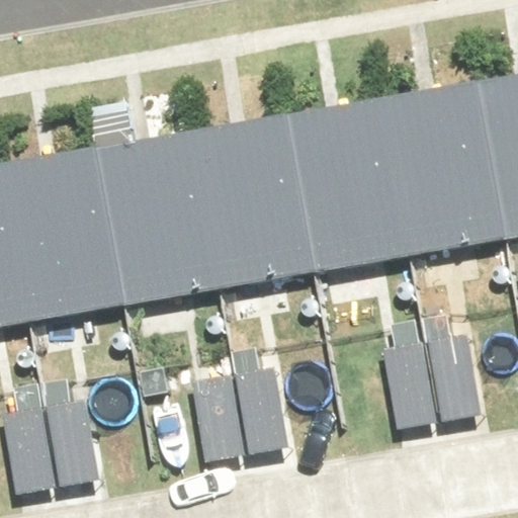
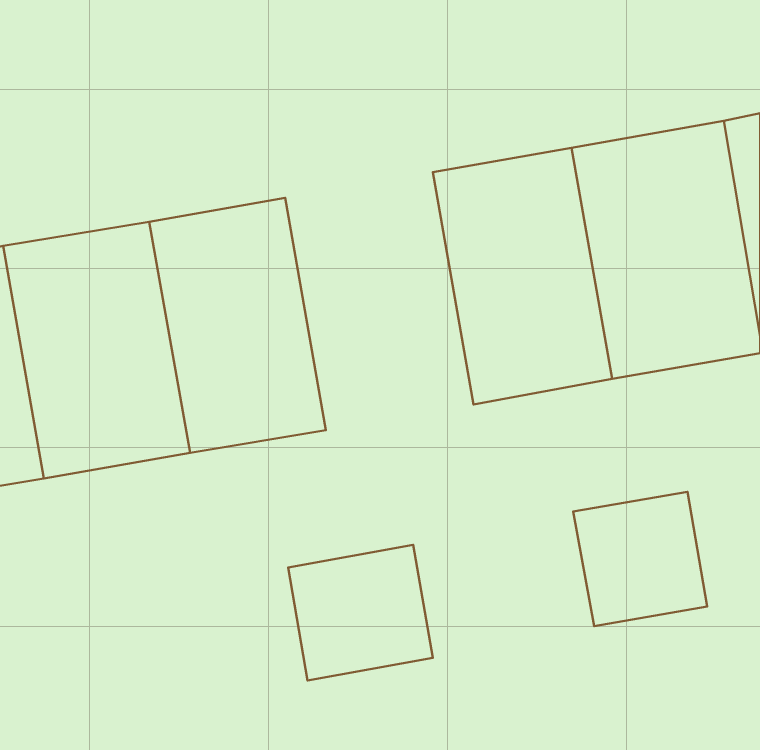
building: [191,115,318,288] -> none
building: [6,395,98,483] -> none

